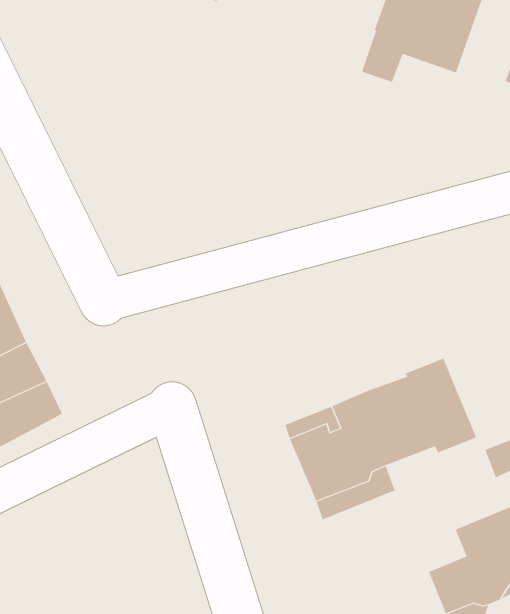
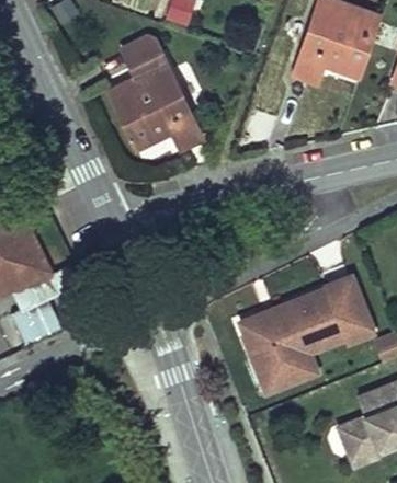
building: none -> [107,35,201,148]

